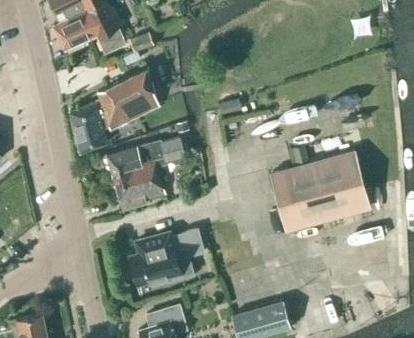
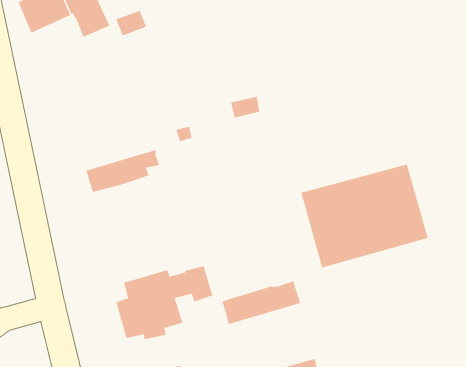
building: [69,68,158,154] -> none
building: [111,138,183,211] -> none
building: none -> [222,280,301,325]

